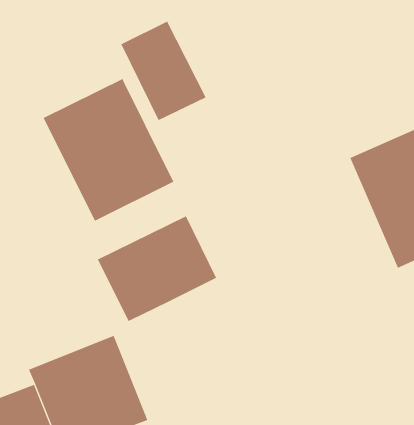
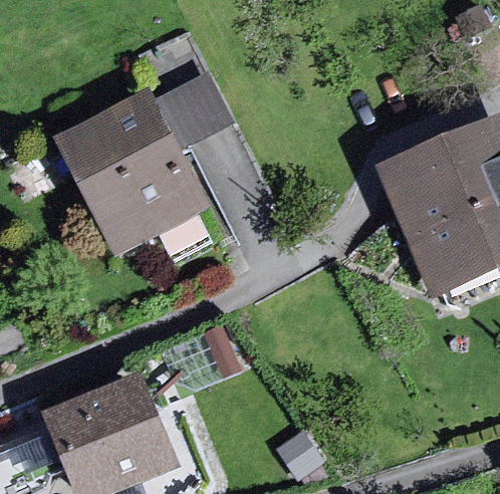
building: [97,215,217,322] -> none

